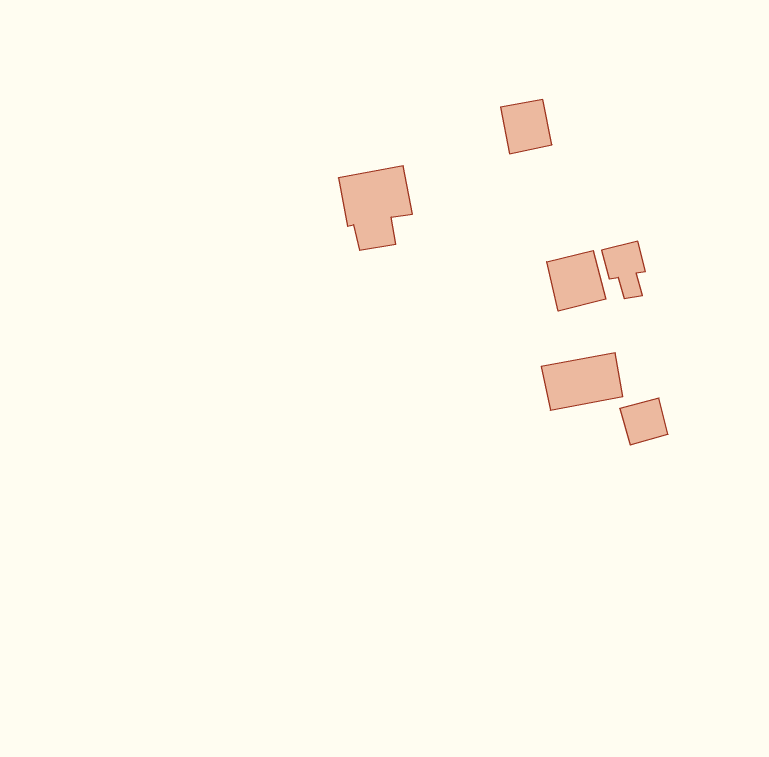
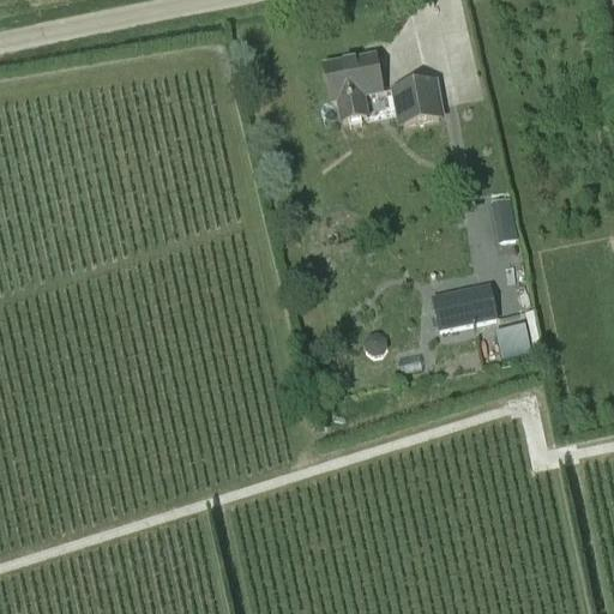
building: [338,166,412,250] -> [324,53,383,120]
building: [547,251,606,311] -> none

